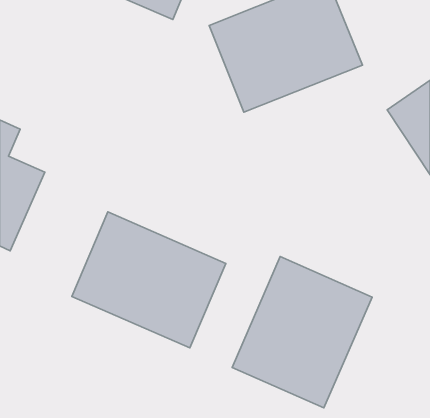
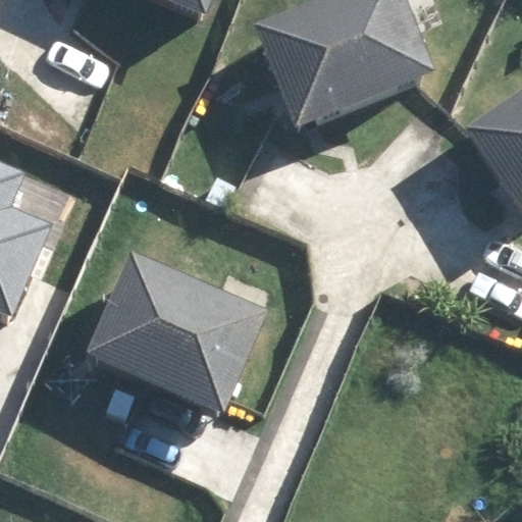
building: [232,257,372,408] -> none

